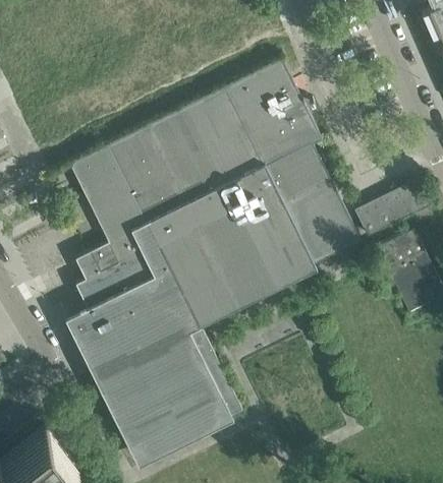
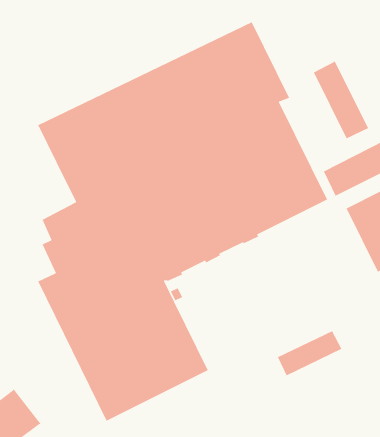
building: none -> [313,61,369,139]
building: none -> [277,330,342,377]

